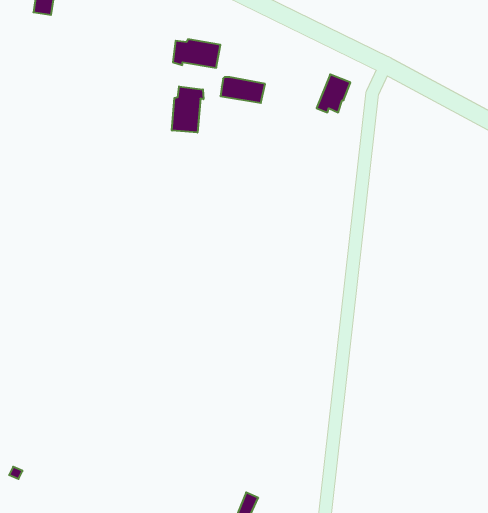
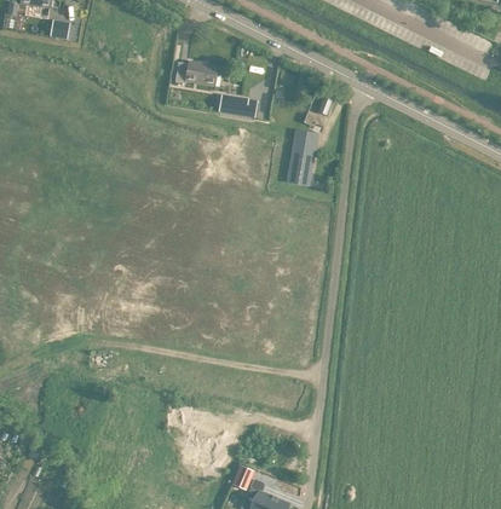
building: [172,86,203,133] -> none
building: none -> [287,129,319,186]

